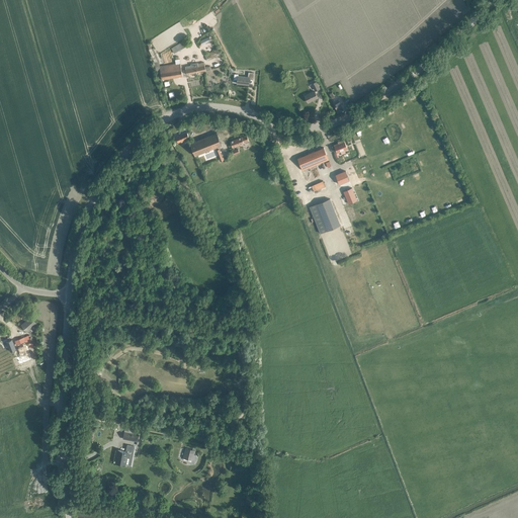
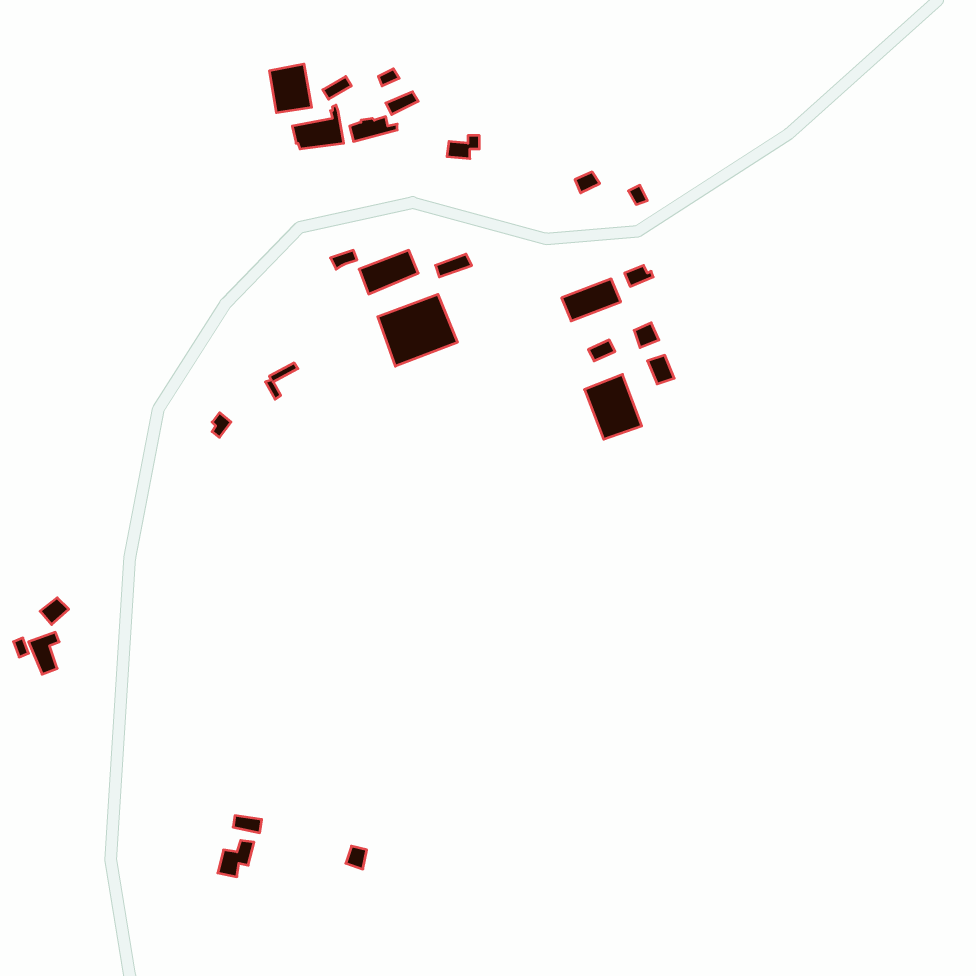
building: none -> [270,64,312,113]
building: none -> [378,294,457,366]

